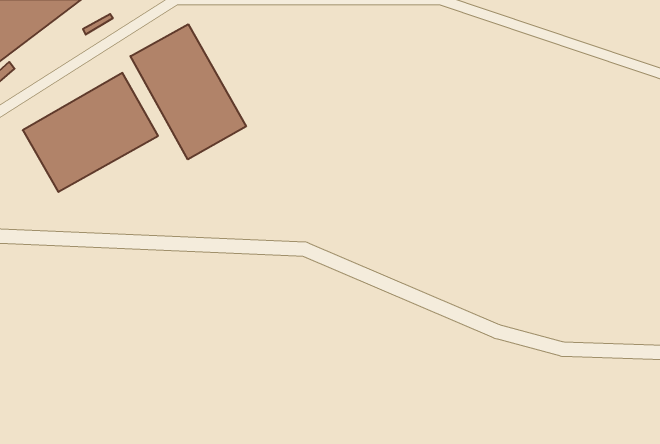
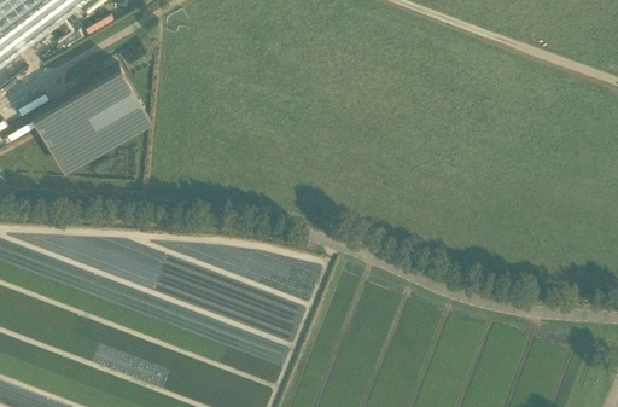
building: [130,24,246,159] -> none

